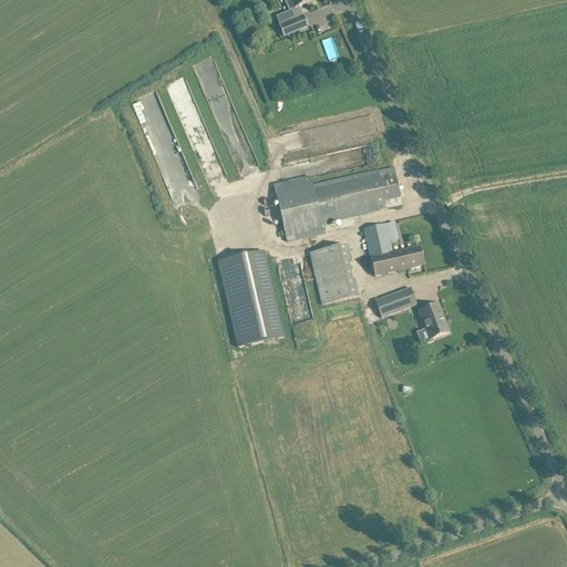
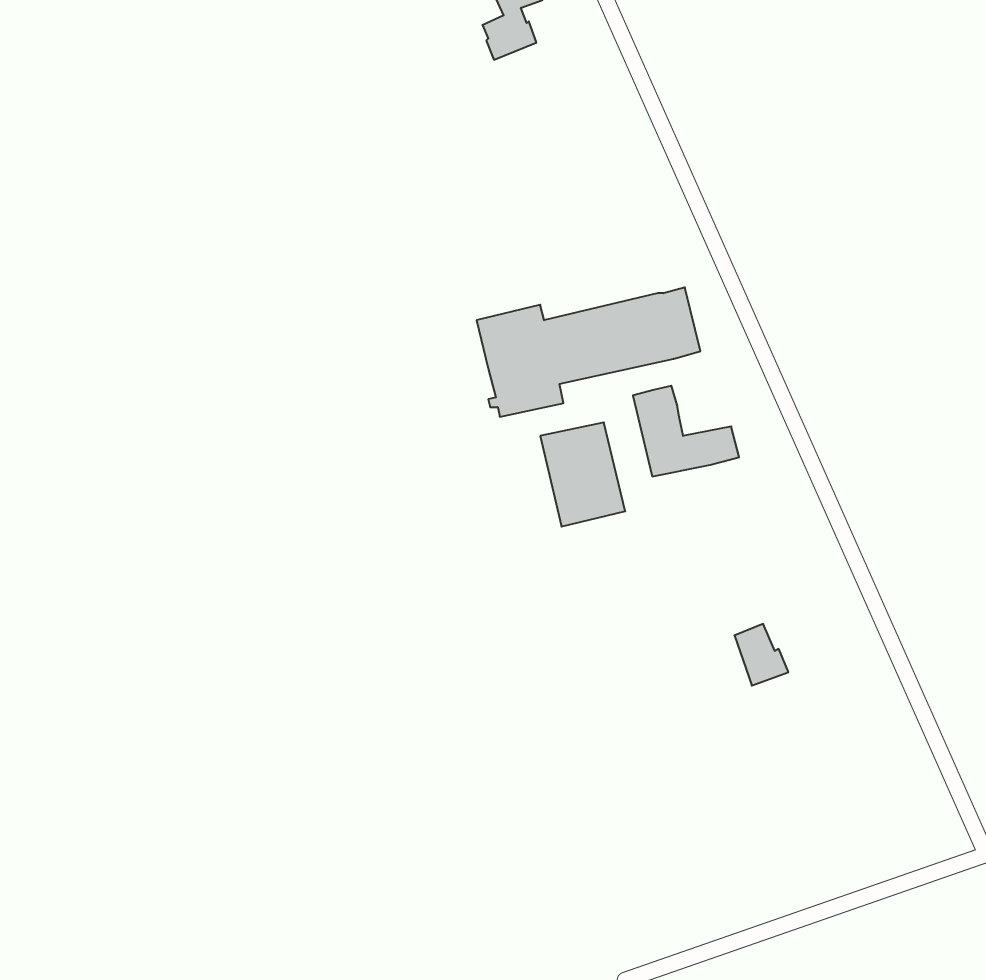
building: [218,248,284,346] -> none
building: [375,289,406,316] -> none
building: [419,302,450,338] -> [734,624,788,686]

